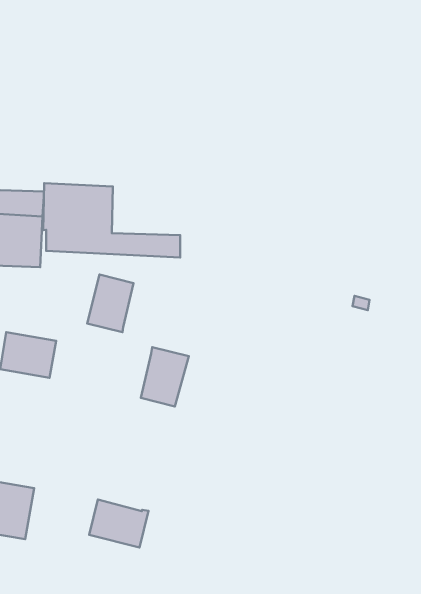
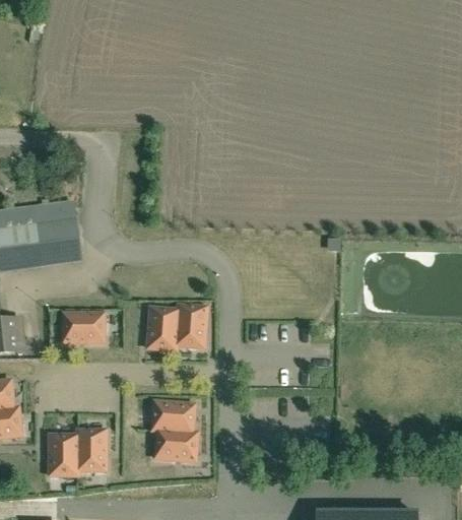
building: [43,183,180,257] -> none
building: [87,274,134,332] -> [148,308,179,349]
building: none -> [152,401,195,433]

